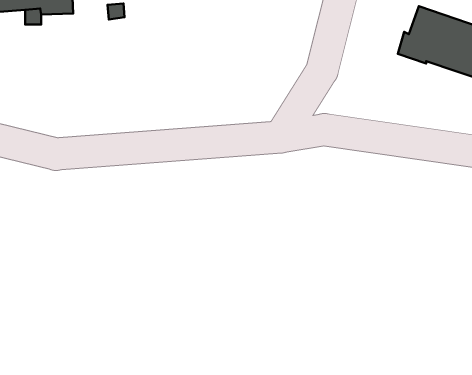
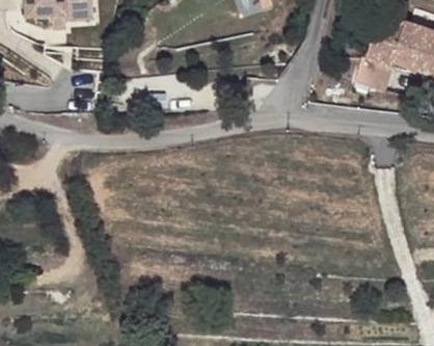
building: none -> [355,52,392,88]

